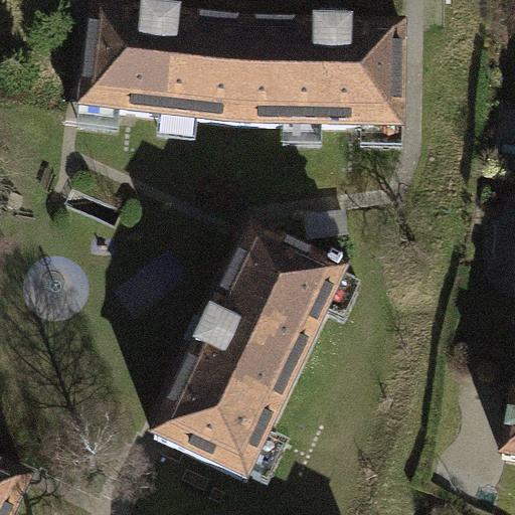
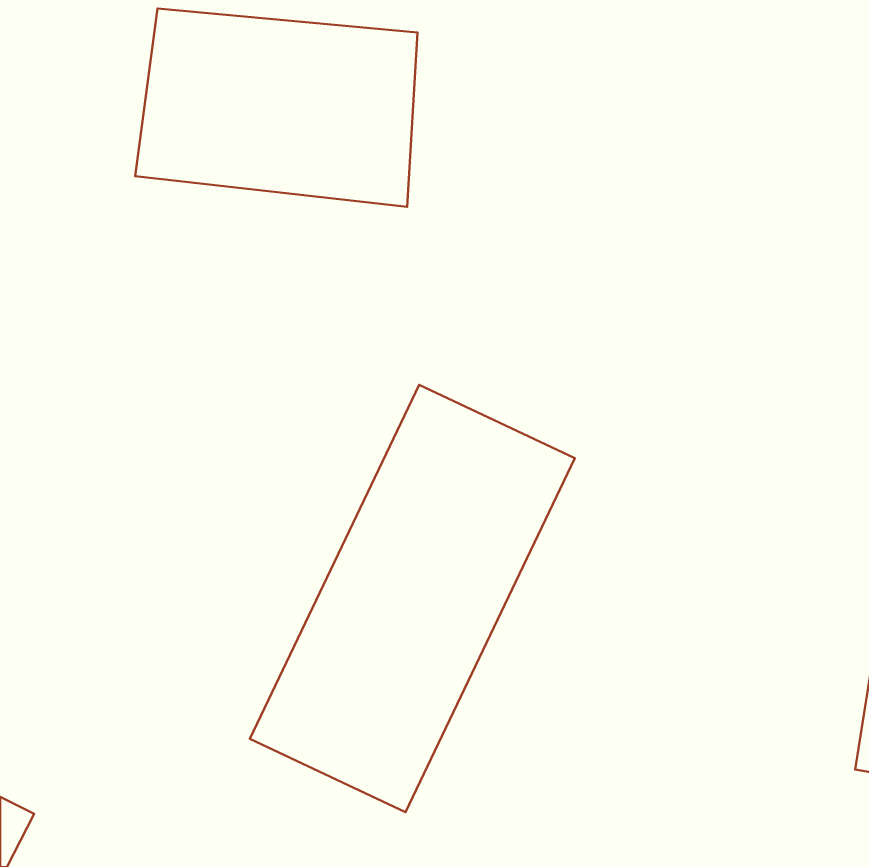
building: [242,19,406,123] -> none

